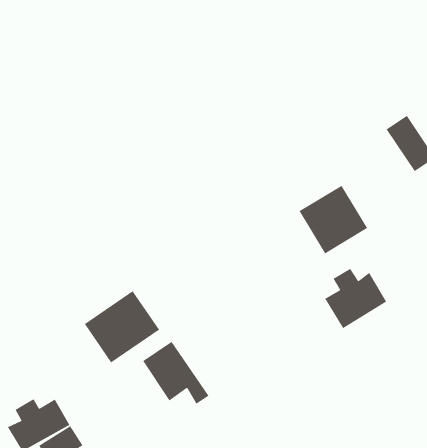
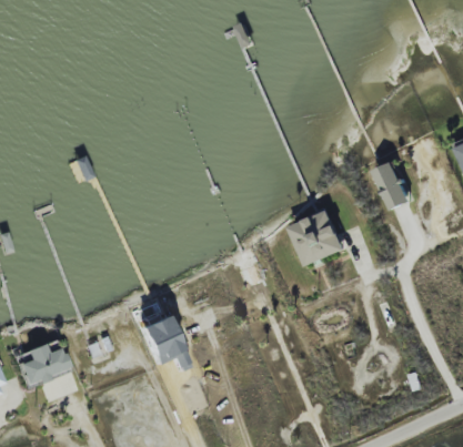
building: [324,268,387,329] -> none
building: [84,290,160,364] -> none

